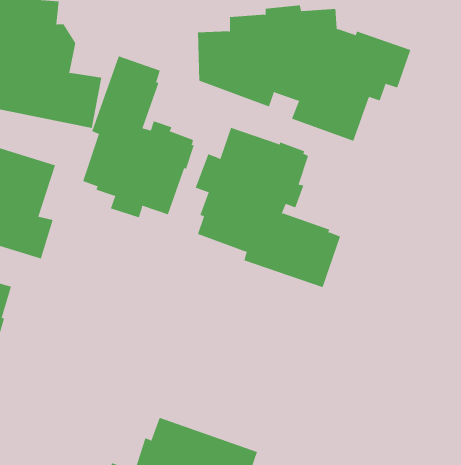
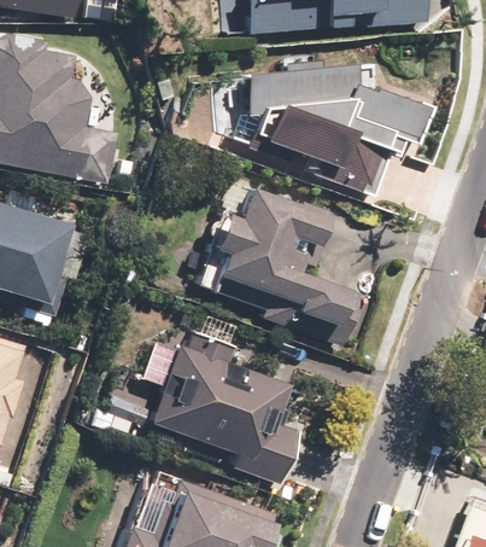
building: [82,56,195,218] -> none
building: none -> [151,331,300,485]

